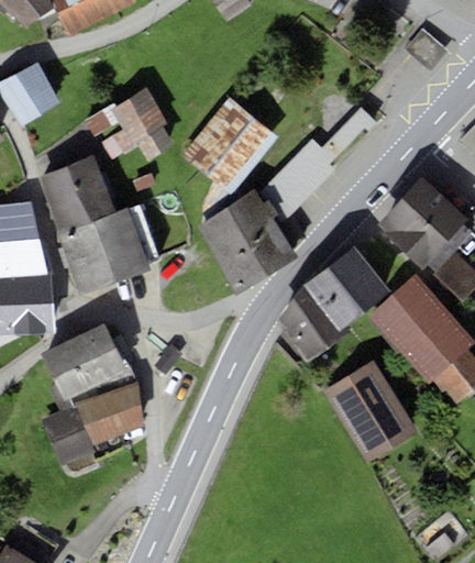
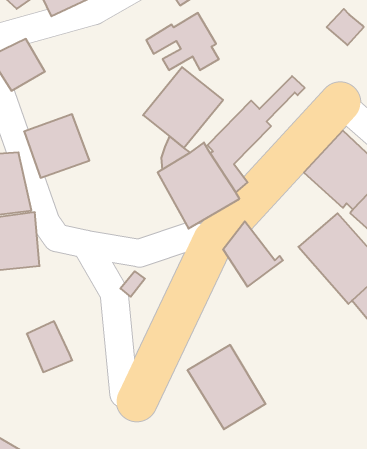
building: [85,86,173,155] -> [146,13,219,70]
building: [57,205,162,295] -> none
building: [305,245,389,331] -> none
building: [42,323,128,400] -> none
building: [323,361,418,463] -> [187,345,266,429]
building: [76,382,145,444] -> none

